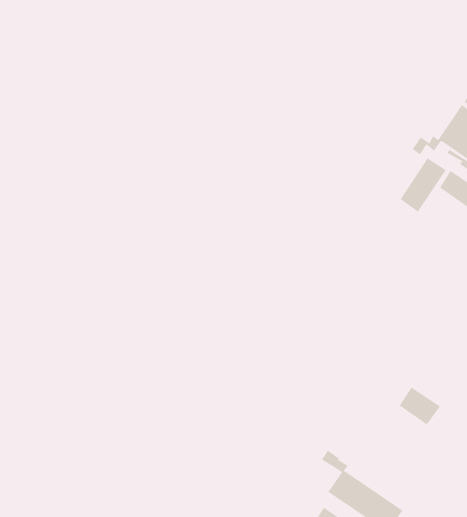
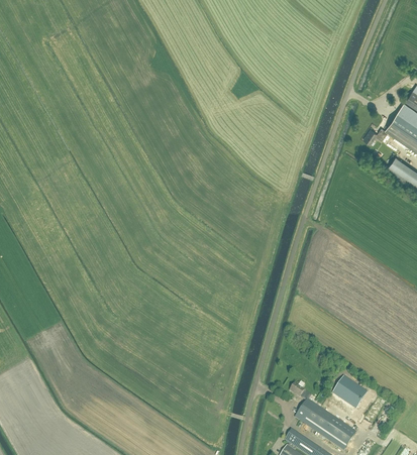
building: [400,158,447,212] -> none
building: [399,387,441,425] -> [339,376,374,408]

